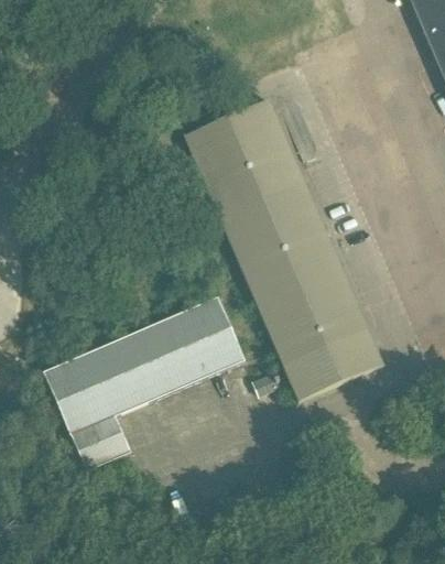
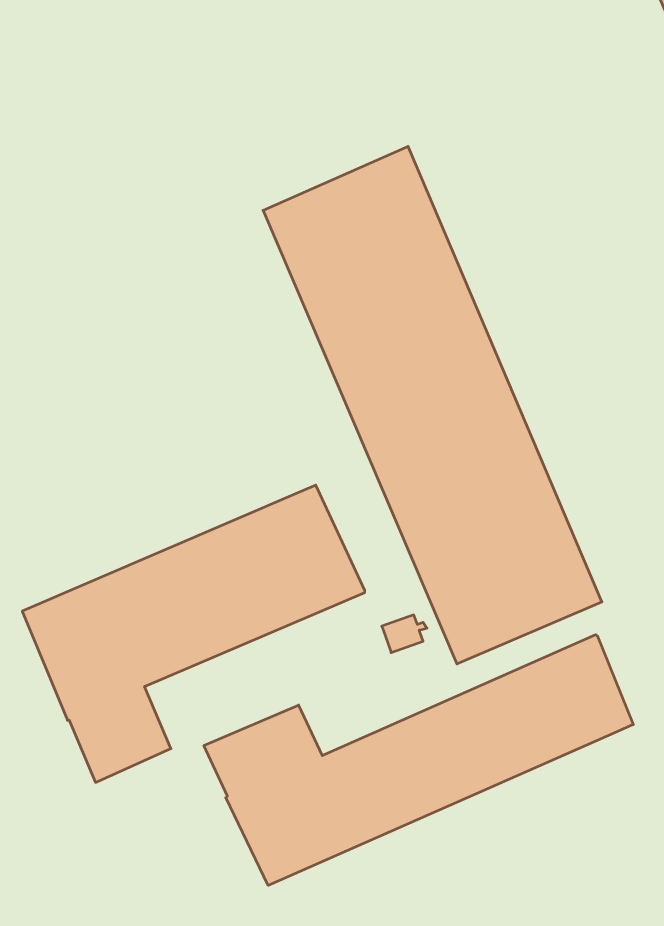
building: none -> [204,635,633,885]

